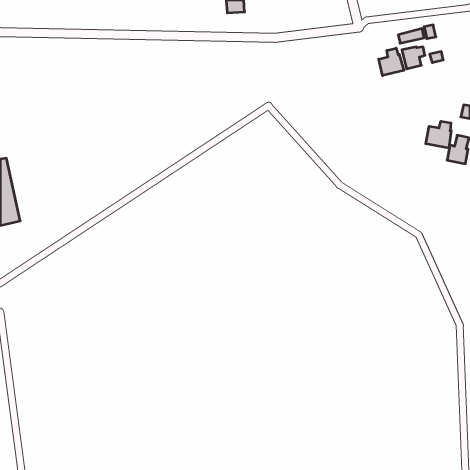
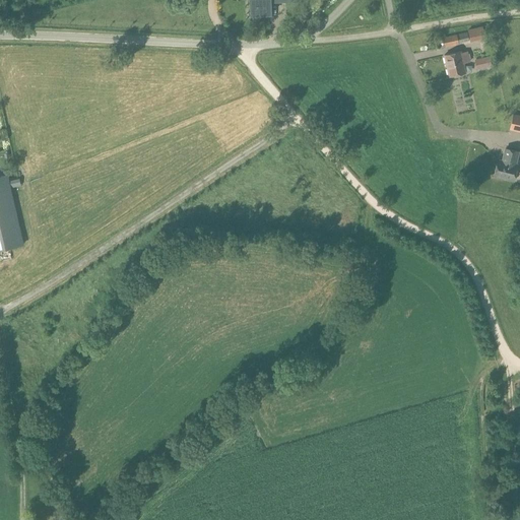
building: [379,48,404,76] -> none
building: [426,121,451,148] -> none

